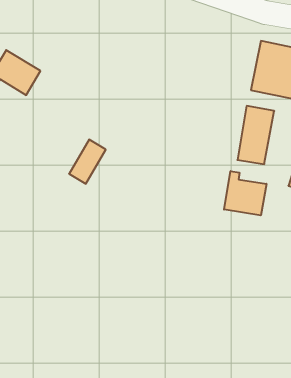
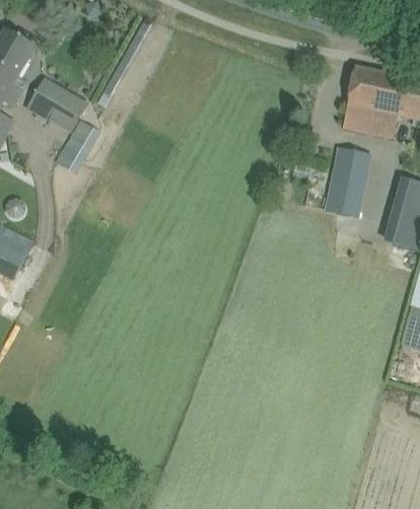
building: [69,140,106,184] -> [55,120,99,173]
building: [224,171,266,215] -> none

